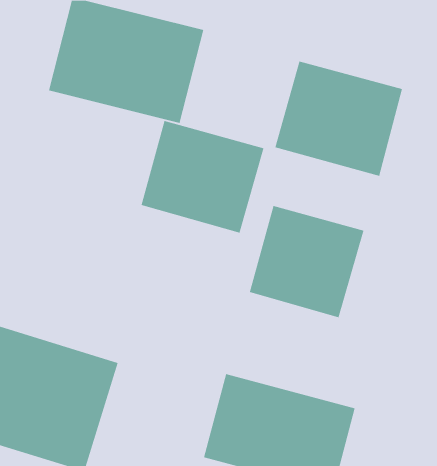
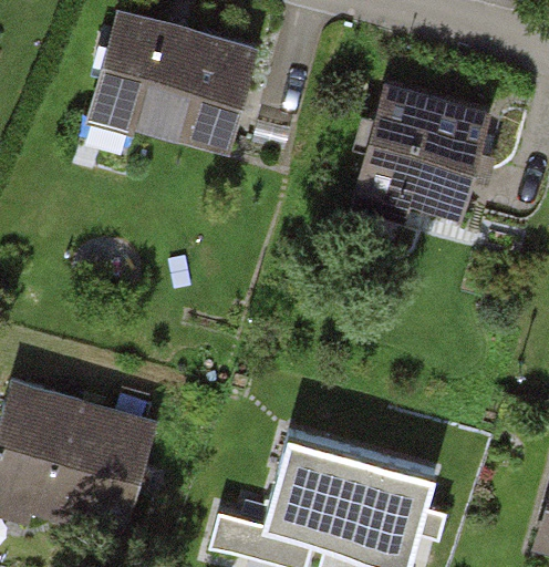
building: [141,120,264,233] -> none
building: [249,205,364,318] -> none

